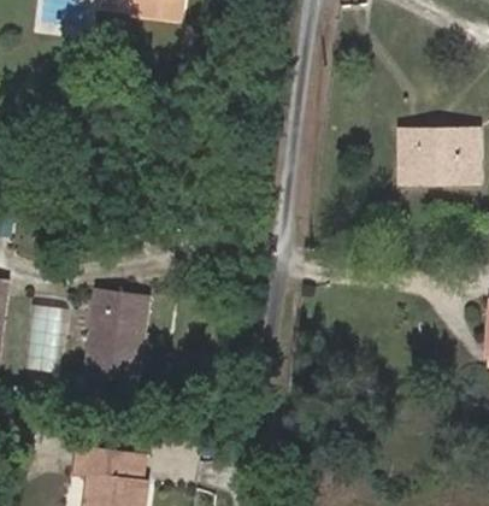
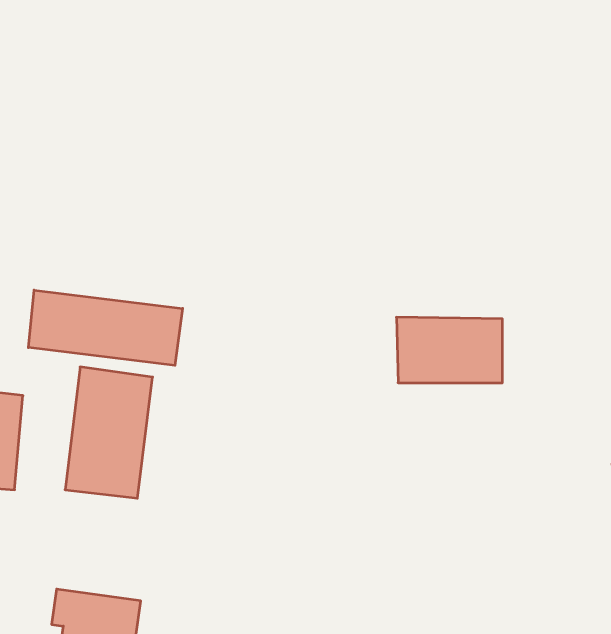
building: [396,134,472,181] -> [396,317,502,383]
building: none -> [28,290,183,365]

